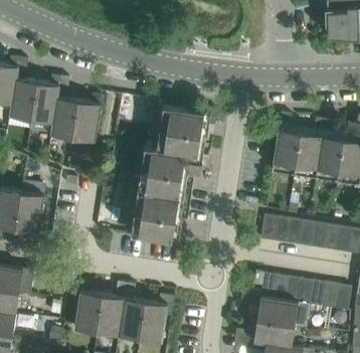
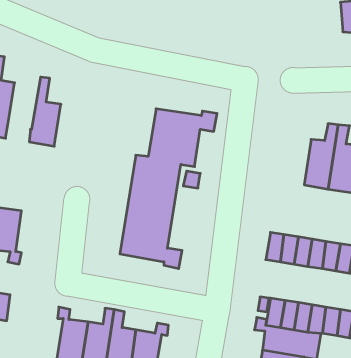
building: [28,76,59,135] -> none
building: [71,95,106,142] -> none
building: [272,113,300,173] -> none

